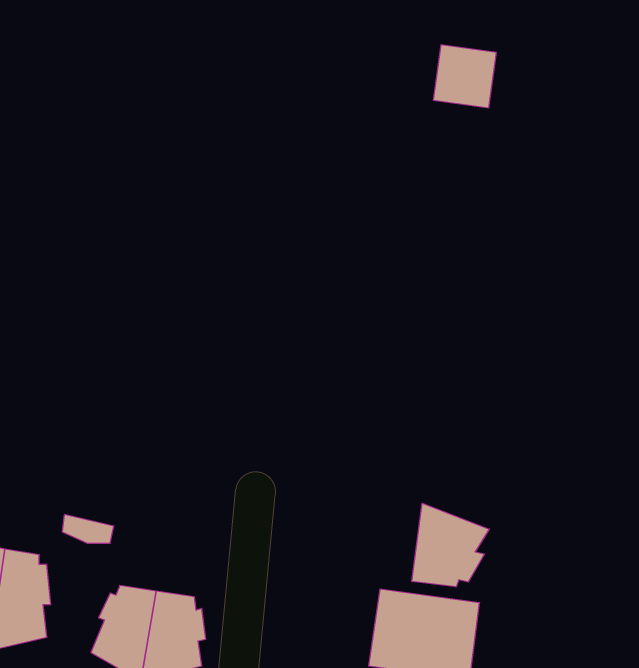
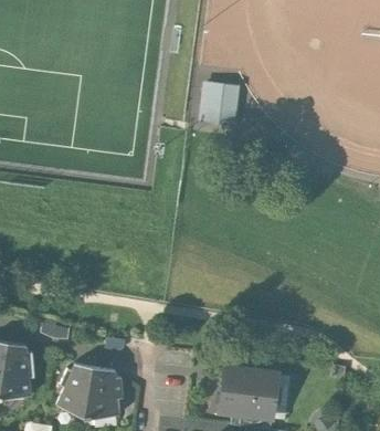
building: [433,45,496,108] -> [199,85,235,122]
building: [412,503,489,587] -> none

